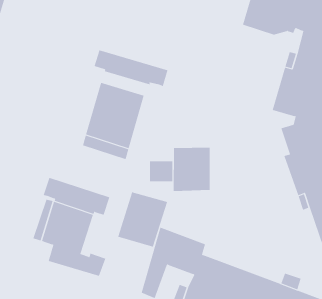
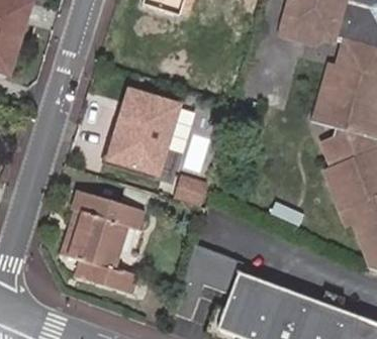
building: [94,50,168,87] -> none
building: [173,147,210,192] -> none
building: [118,192,168,248] -> none

